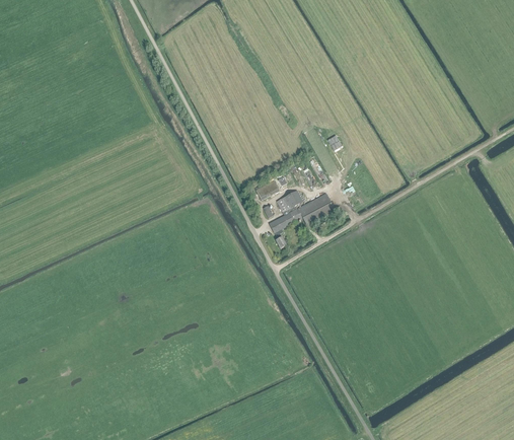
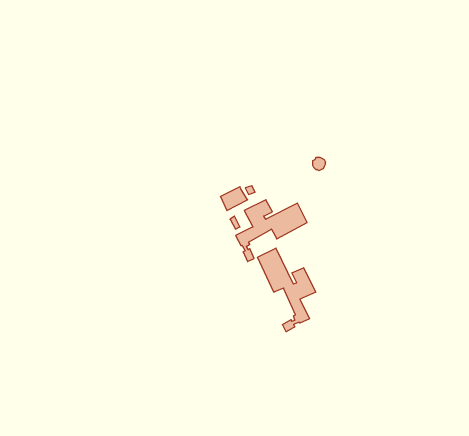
building: none -> [257,248,316,332]

